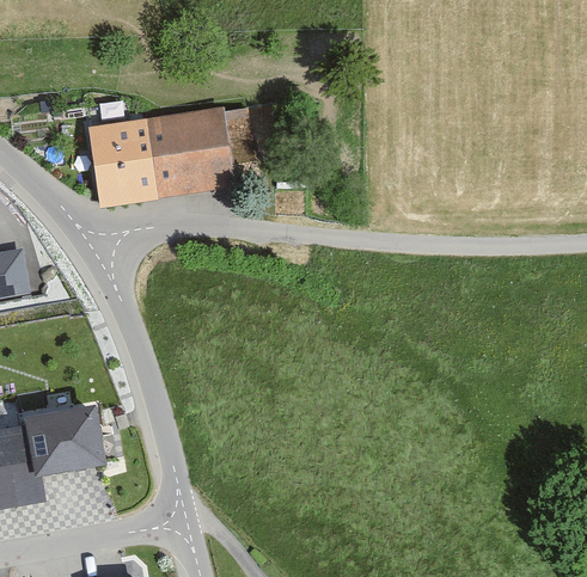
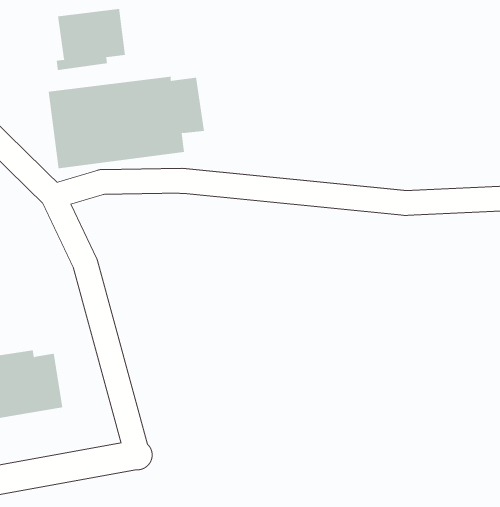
building: none -> [56,8,126,71]

